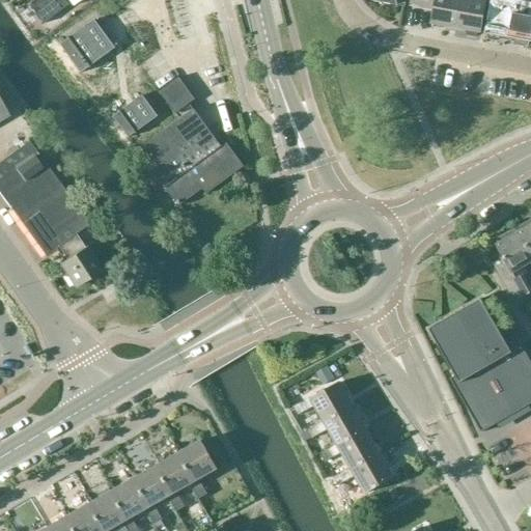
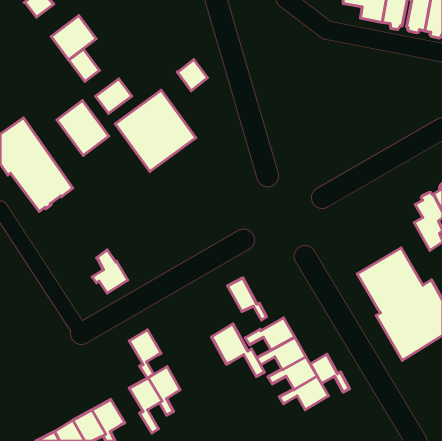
building: none -> [69,49,99,81]
building: [160,76,196,113] -> [177,60,208,91]
building: none -> [57,100,109,155]
building: [56,234,99,286] -> [92,250,128,293]
building: none -> [227,278,267,320]
building: none -> [212,324,264,377]
building: none -> [311,354,349,392]
building: [134,465,172,523] -> [129,330,161,378]

